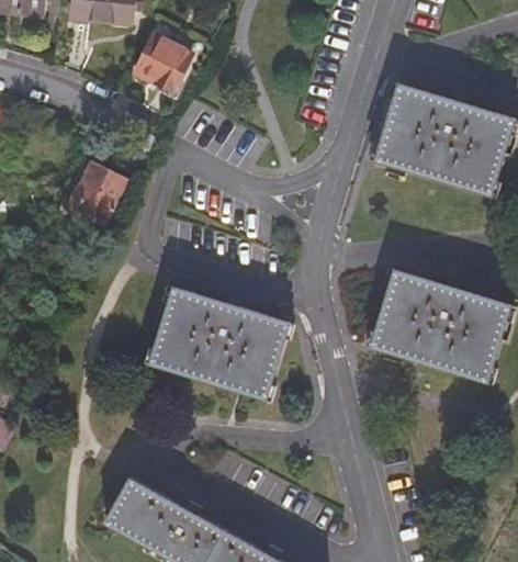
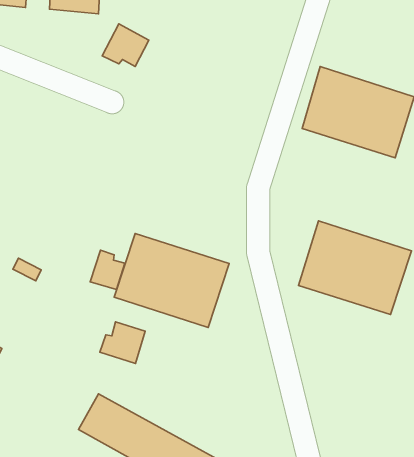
building: [68,150,150,224] -> none
building: none -> [90,250,125,289]
building: none -> [100,322,145,363]

